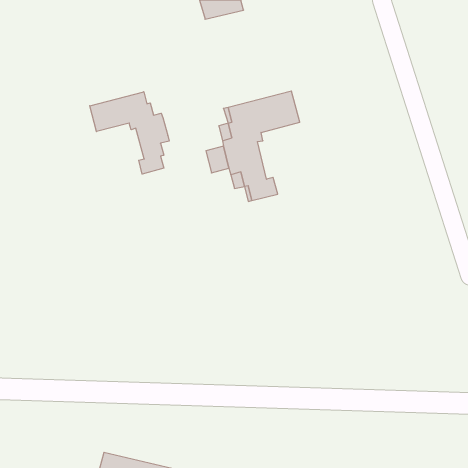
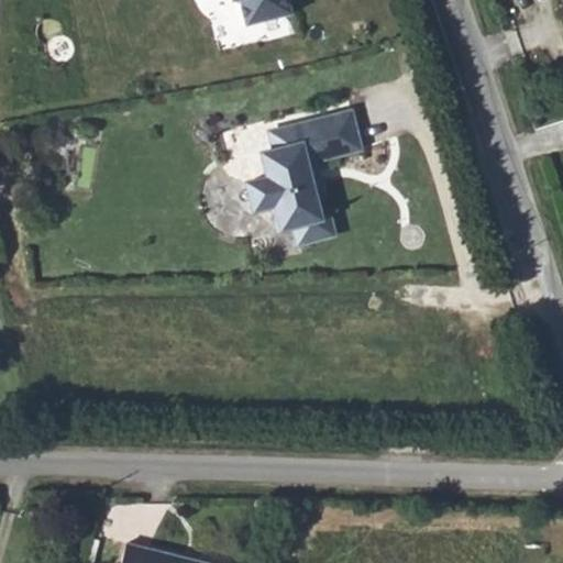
building: [90,92,169,174] -> none

